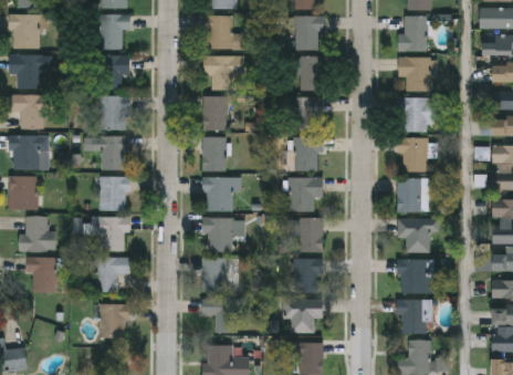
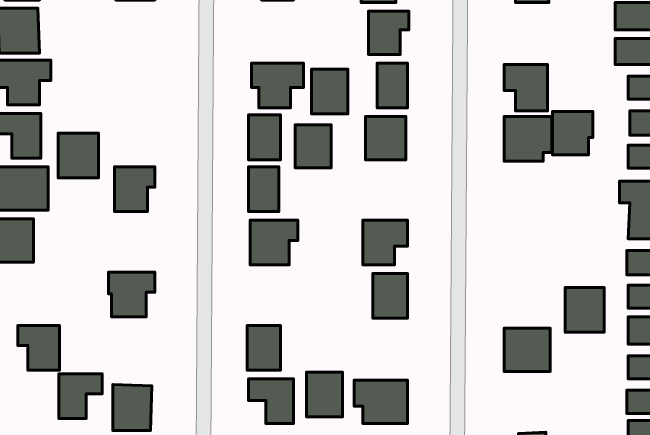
building: [100,14,130,50] -> none
building: [205,15,232,50] -> [312,69,348,114]
building: [398,17,427,52] -> none
building: [97,56,129,88] -> none
building: [100,95,130,129] -> [58,133,98,178]
building: [294,137,322,170] -> [295,125,331,168]
building: [400,138,431,171] -> [552,112,593,155]
building: [100,177,127,210] -> none
building: [397,178,428,212] -> none
building: [19,217,57,251] -> none
building: [203,218,235,251] -> none
building: [400,219,430,253] -> [565,288,604,332]
building: [97,258,130,292] -> [59,374,102,418]
building: [294,258,322,292] -> [307,372,343,417]
building: [400,300,431,334] -> none

